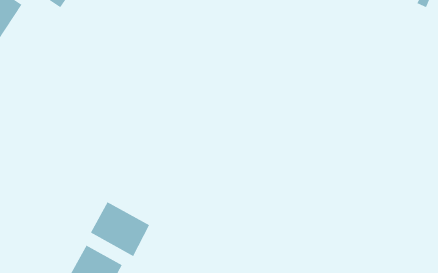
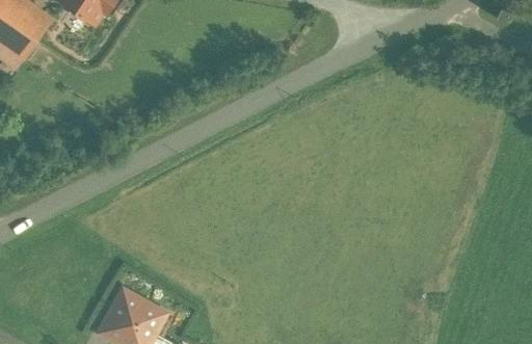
building: [90,201,150,257] -> none

